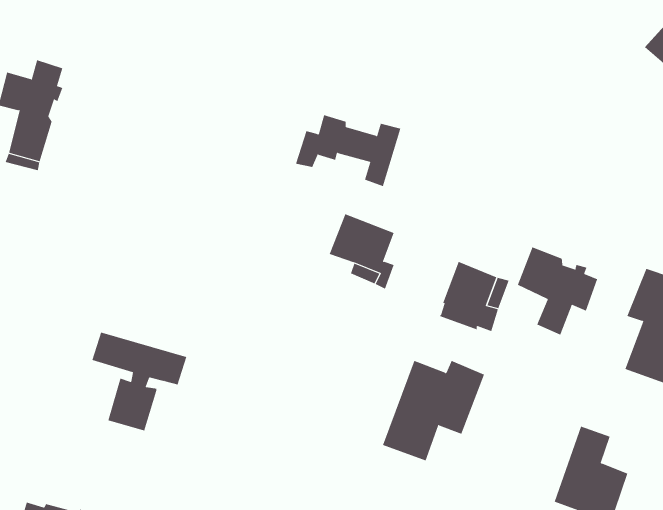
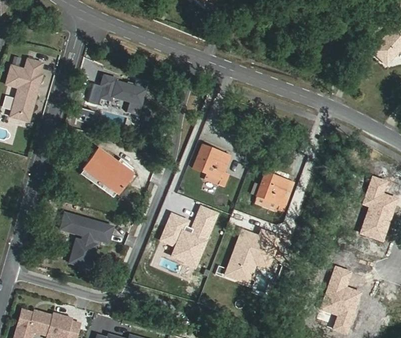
building: [295,114,401,187] -> [88,75,148,116]
building: none -> [82,148,132,194]
building: [517,247,598,336] -> none
building: none -> [160,205,219,267]

